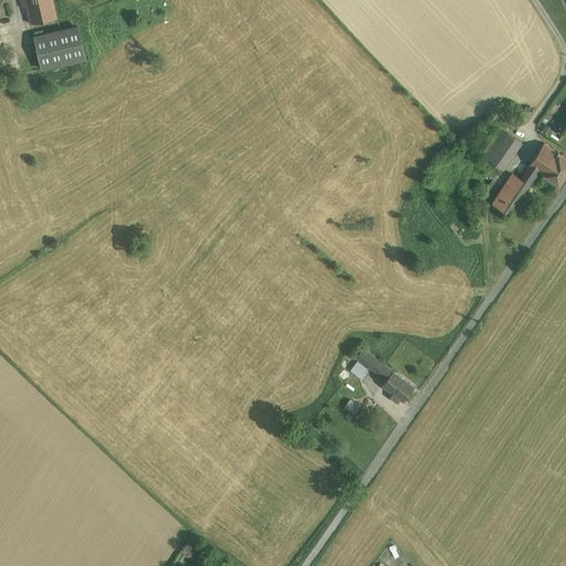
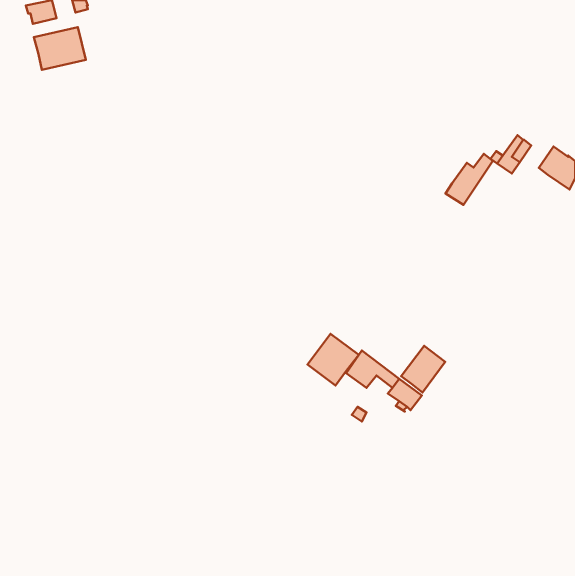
building: [491,165,537,214] -> [445,154,493,205]
building: none -> [307,334,359,386]
building: none -> [401,346,445,392]

